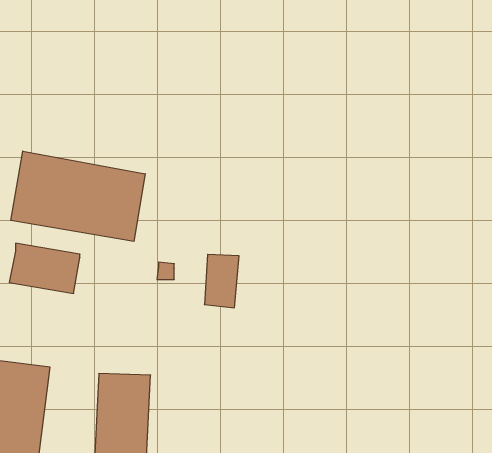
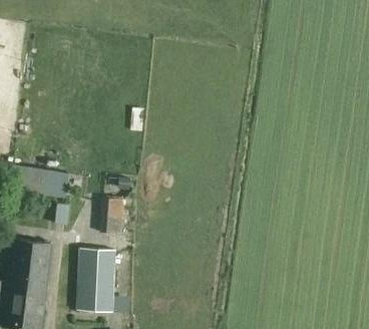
building: [11,151,145,241] -> none
building: [204,254,239,308] -> [102,199,124,233]

